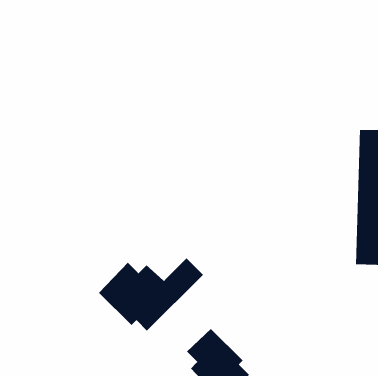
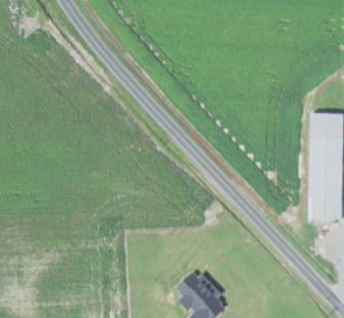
building: [98,257,204,332] -> none

